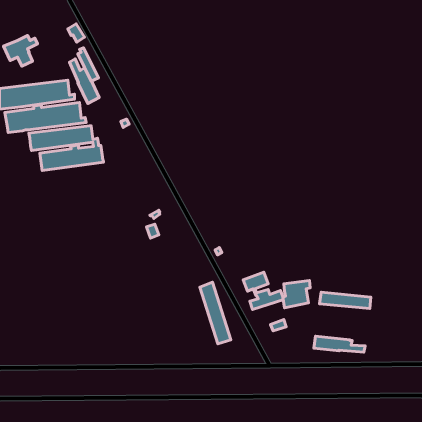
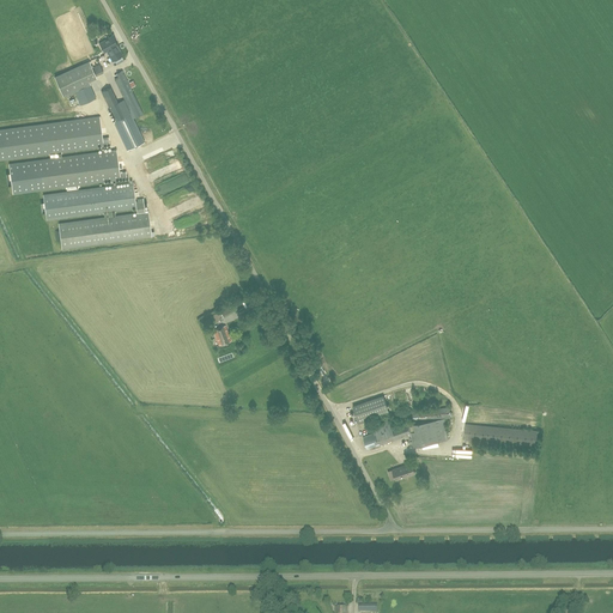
building: [4,36,37,66] -> [53,60,102,104]
building: [200,282,231,344] -> none
building: [314,336,365,352] -> none

